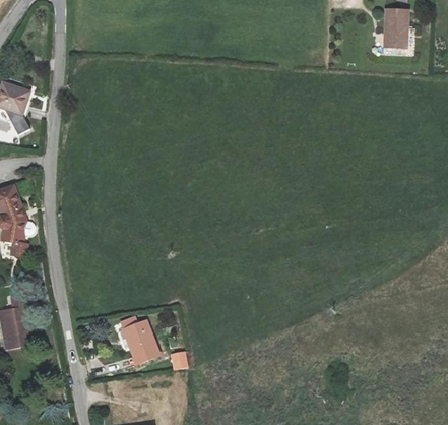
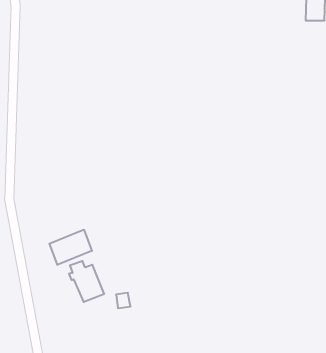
building: none -> [49,230,92,265]

